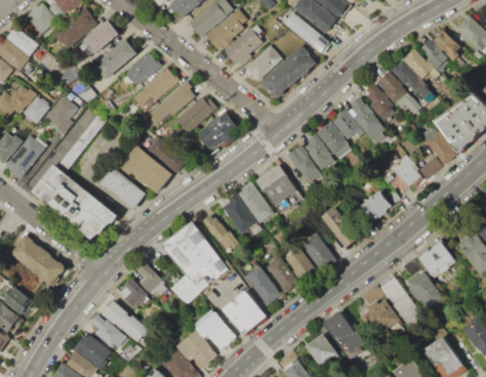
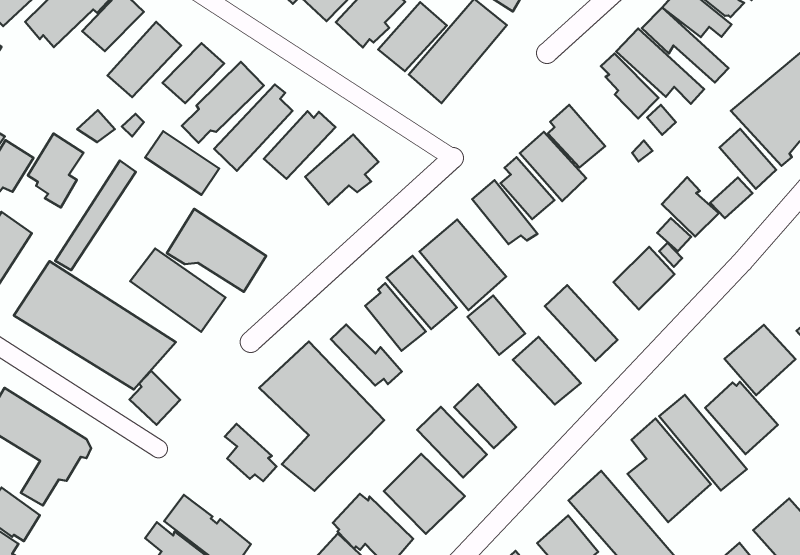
building: [351,96,381,138] -> none
building: [146,137,186,174] -> [145,131,219,195]
building: [285,247,316,280] -> [467,295,525,355]
building: [118,278,146,307] -> [130,371,180,425]

